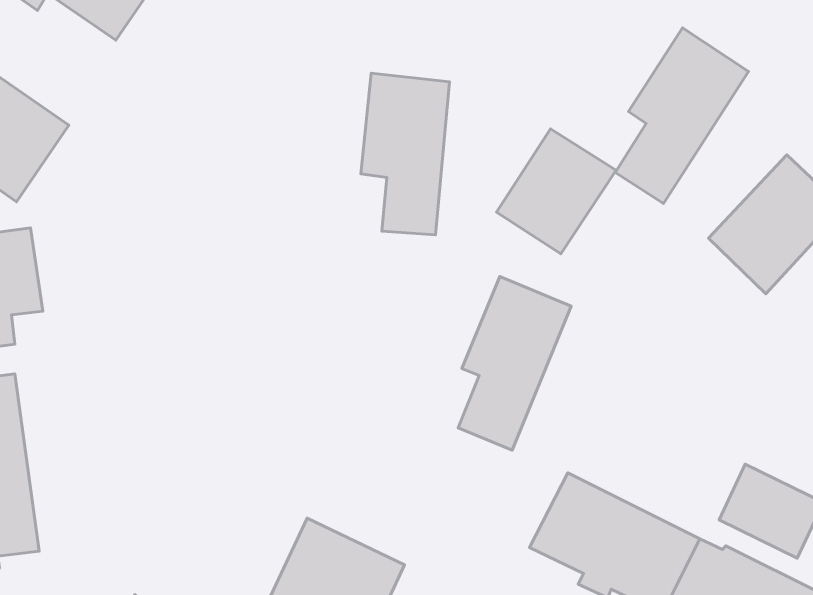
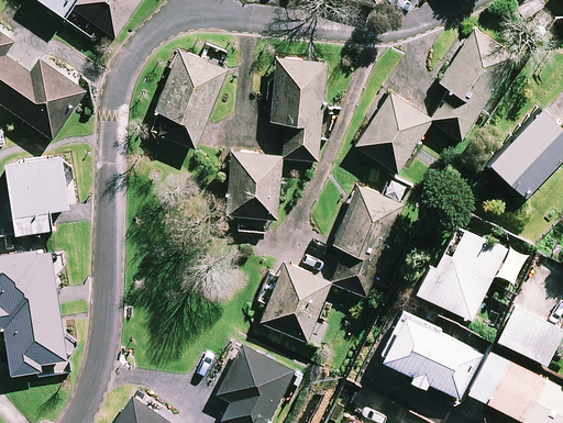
building: none -> [155,52,225,148]
building: none -> [227,153,282,220]
building: none -> [415,225,514,321]
building: none -> [258,263,330,341]

